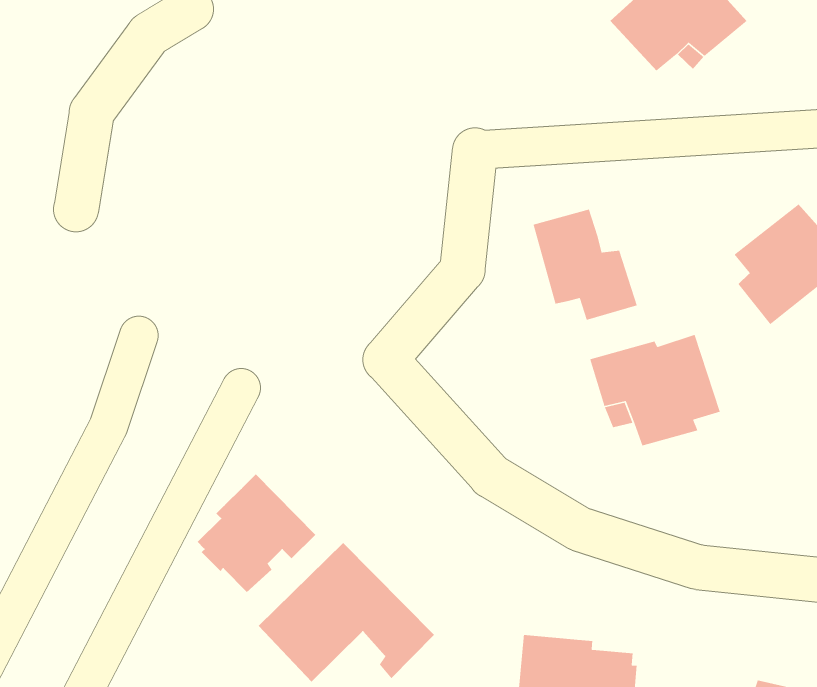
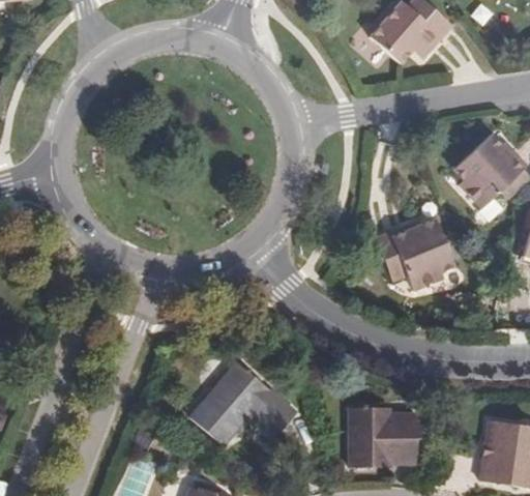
building: [532,209,638,321] -> none
building: [197,474,316,593] -> none

